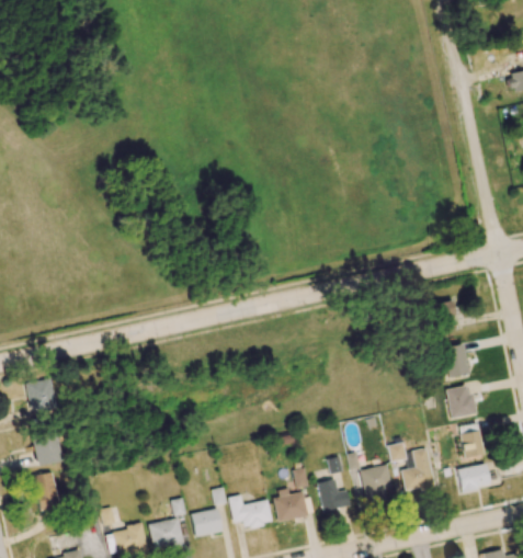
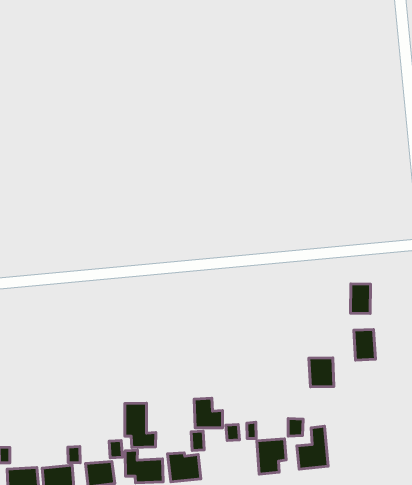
building: [446,386,475,418] -> [309,358,334,387]
building: [459,423,485,457] -> none
building: none -> [125,403,156,448]
building: [459,465,490,490] -> none
building: [319,479,351,511] -> [194,398,223,428]

